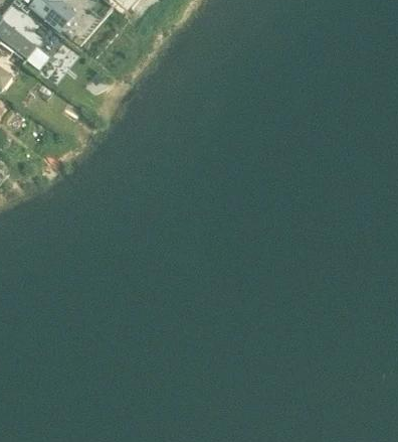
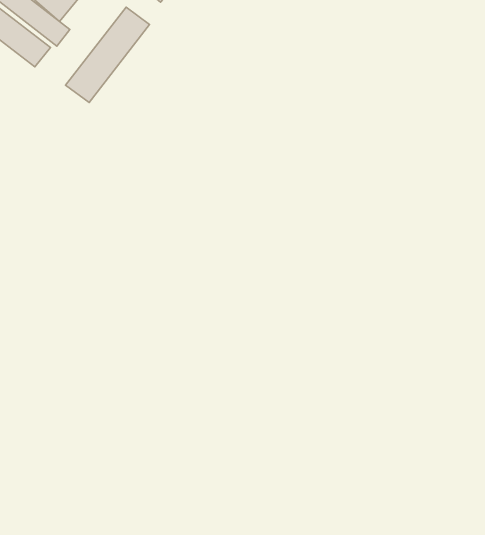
building: none -> [66,7,150,102]

